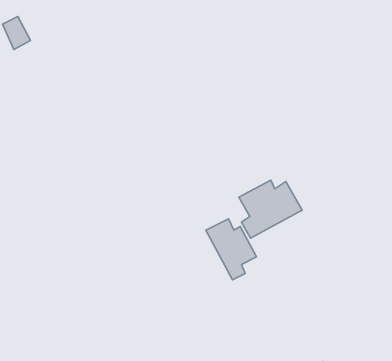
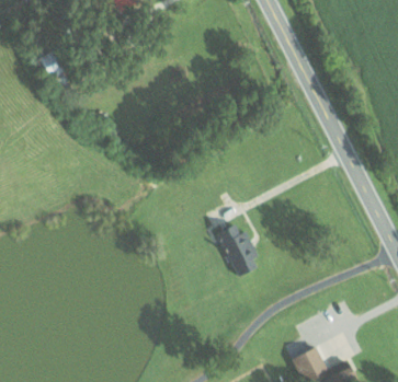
building: [239,180,302,238] -> none

